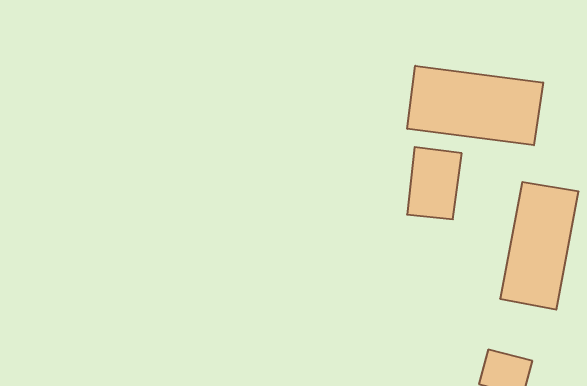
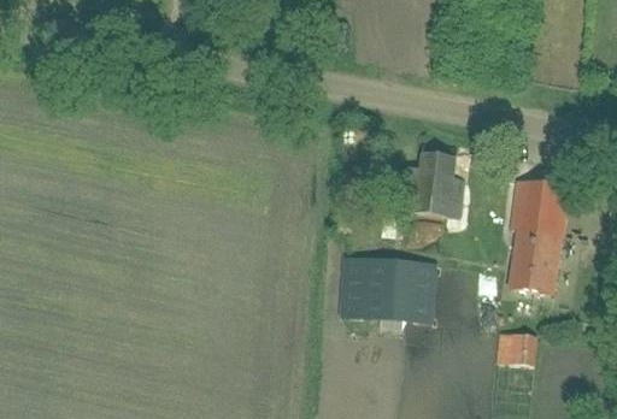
building: [407,66,543,145] -> none
building: none -> [335,256,437,320]

